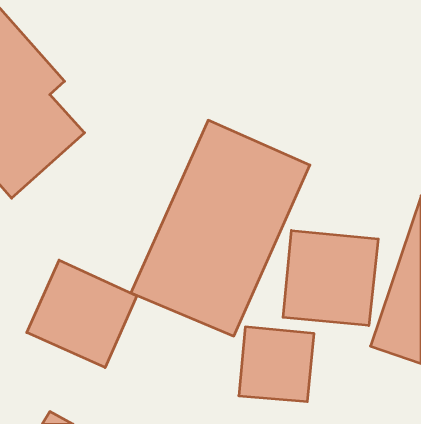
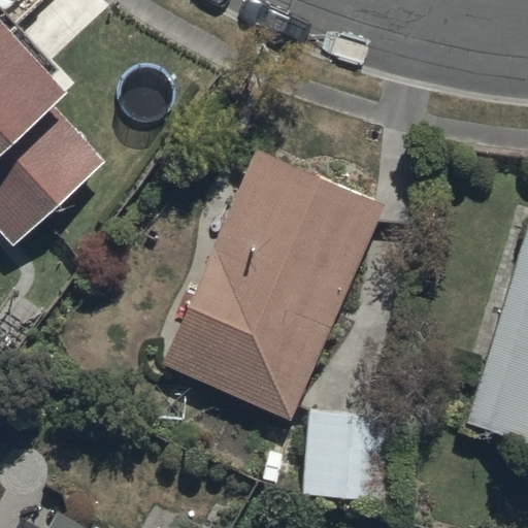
building: [283,230,378,326] -> none
building: [27,260,137,368] -> none

